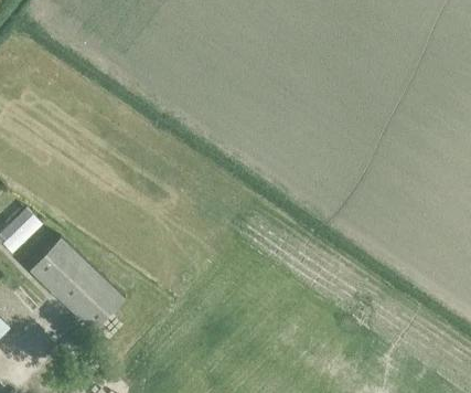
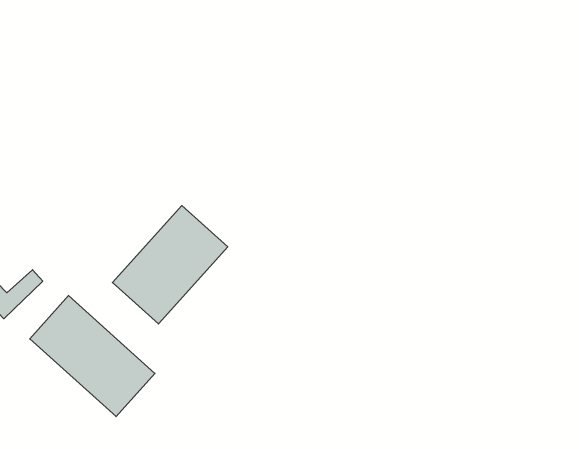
building: none -> [112,206,228,324]

